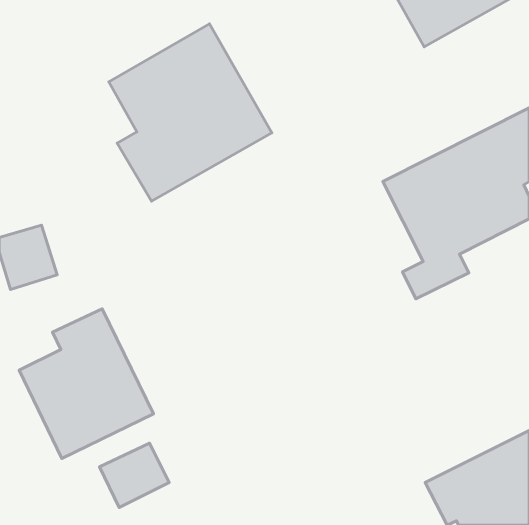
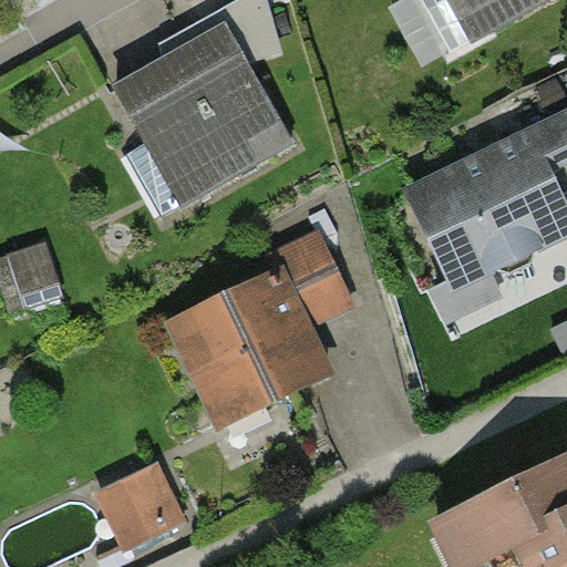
building: none -> [176,231,347,419]
building: [19,309,154,459] -> none

